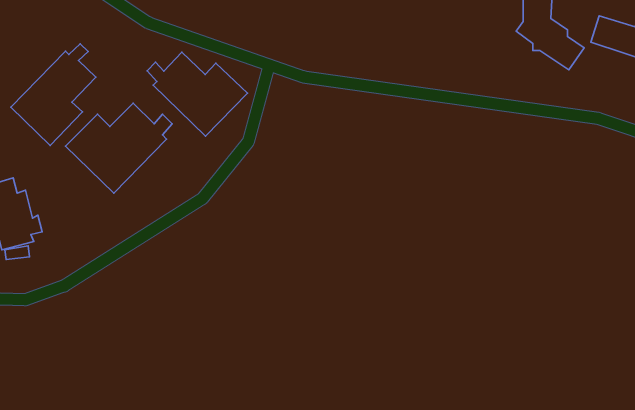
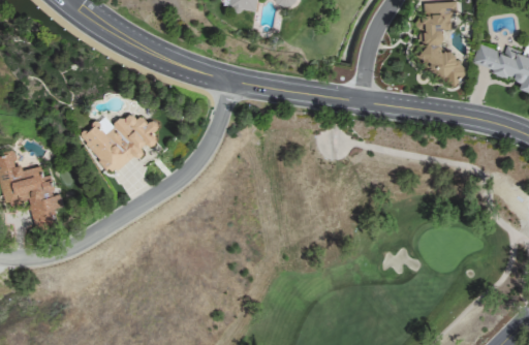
building: [11,44,96,146] -> none
building: [147,52,247,136] -> none

